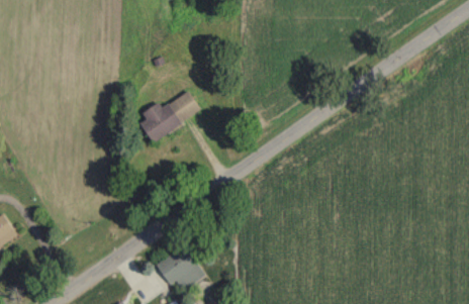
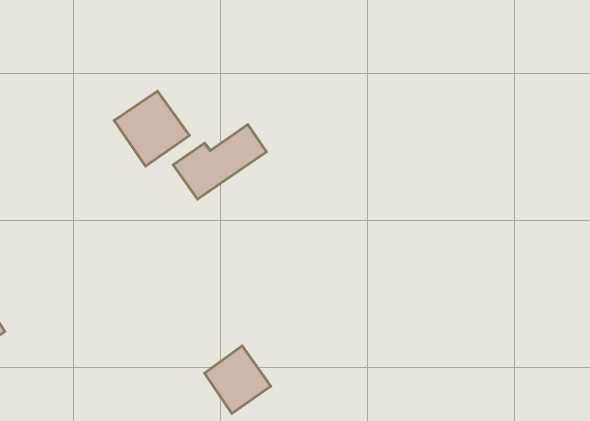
building: none -> [114,91,190,166]

